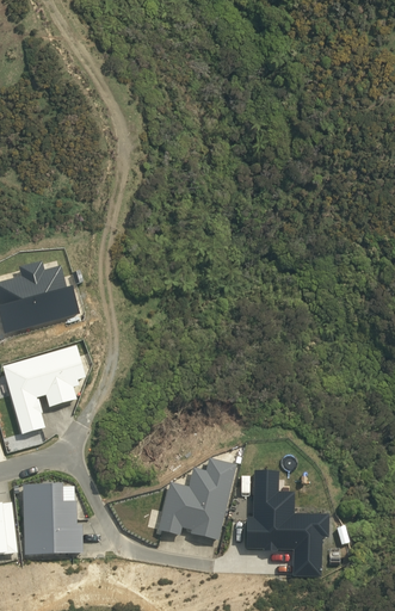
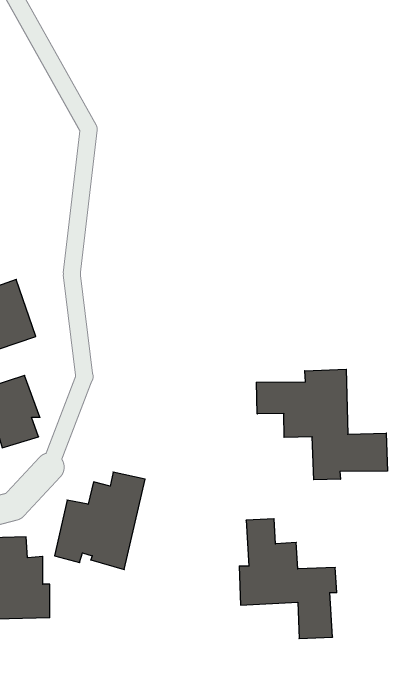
building: none -> [256,369,387,480]
building: [160,458,237,542] -> [55,472,145,570]

